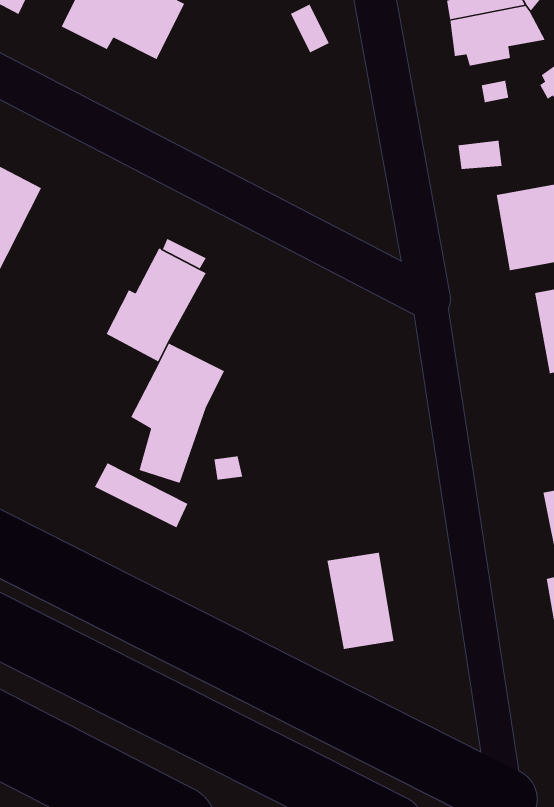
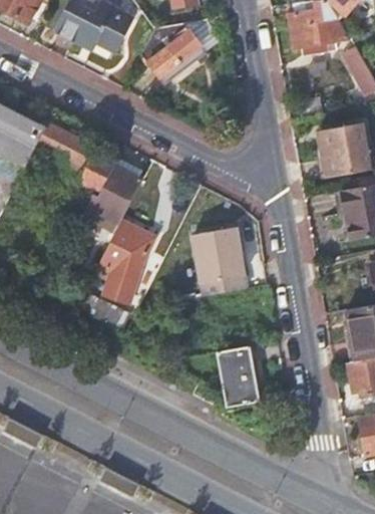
building: none -> [140,23,205,84]
building: none -> [38,123,114,191]
building: none -> [193,227,243,294]

